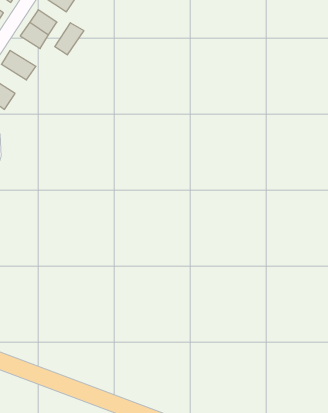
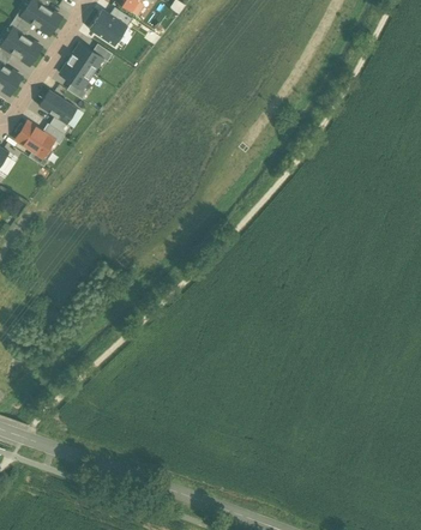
building: [55,23,84,55] -> none

